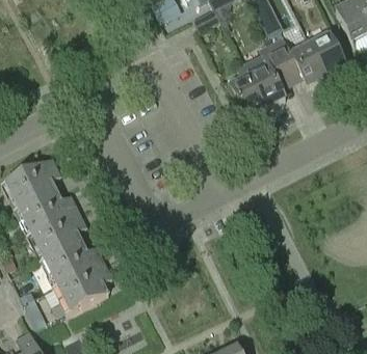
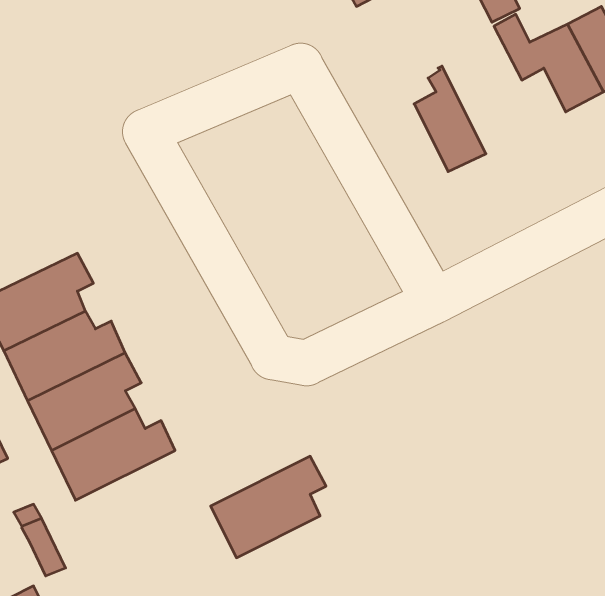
building: [243,40,286,107] -> none
building: [52,262,112,315] -> [211,456,326,558]

